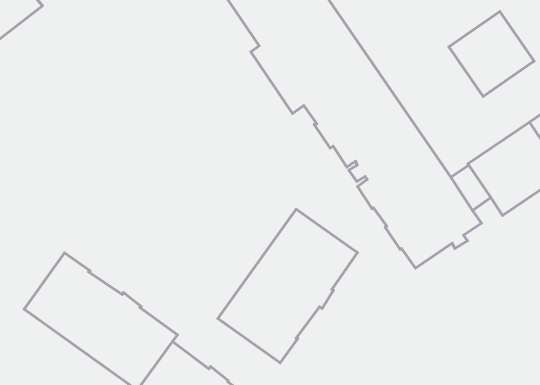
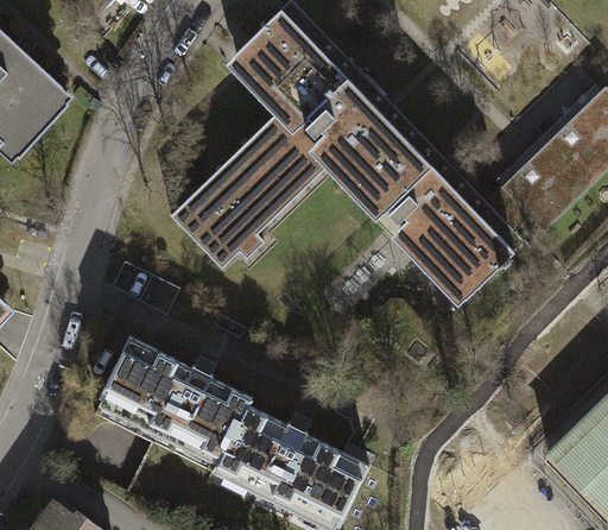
building: [449,12,534,97] -> none
building: none -> [169,118,323,271]
building: [218,209,358,363] -> none

